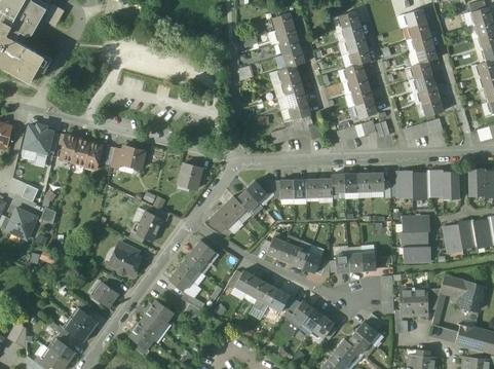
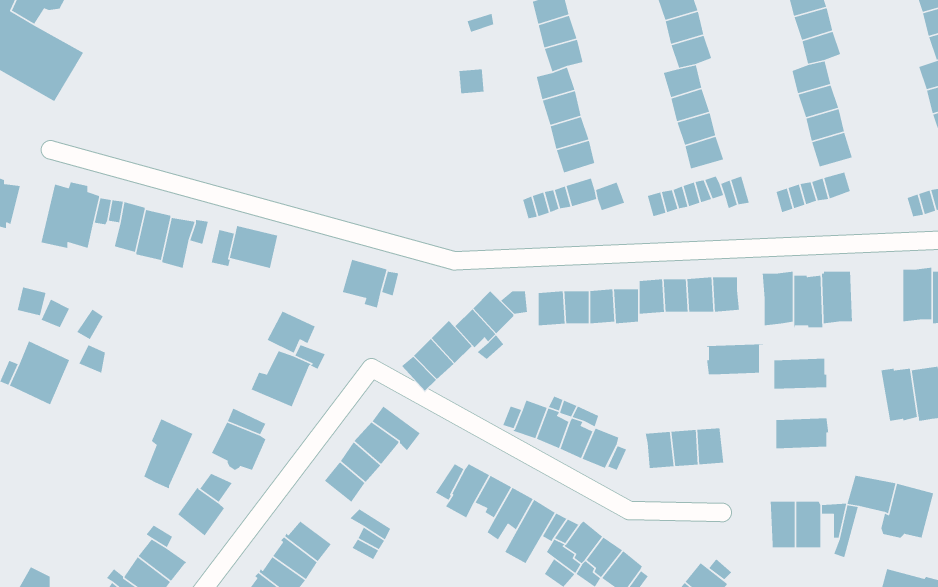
building: [443,171,459,199] -> none
building: [443,222,463,254] -> none
building: [401,231,430,248] -> [706,344,764,375]
building: none -> [143,418,194,490]

